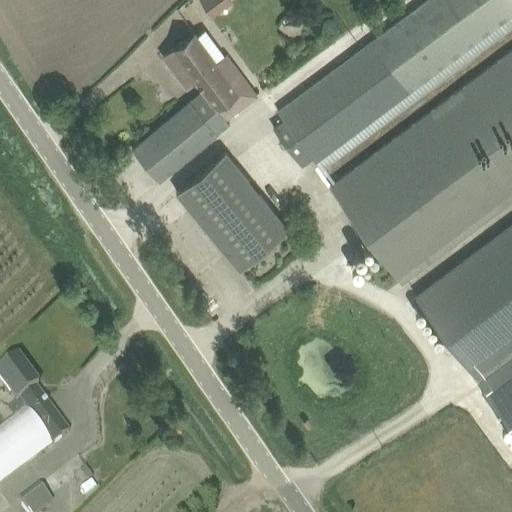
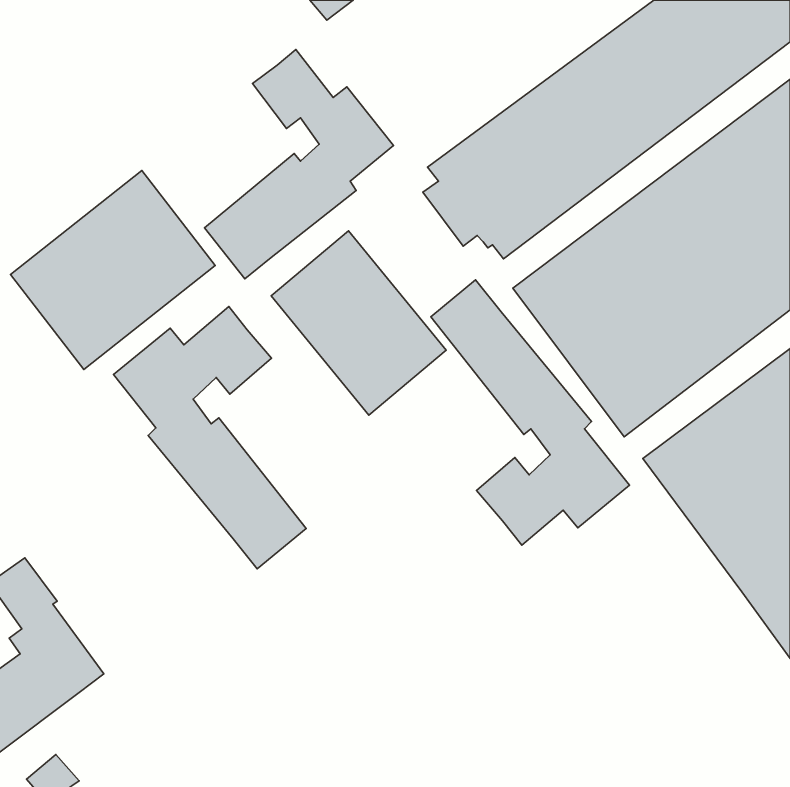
building: none -> [10,170,215,370]
building: none -> [431,280,630,545]
building: none -> [114,307,306,569]

